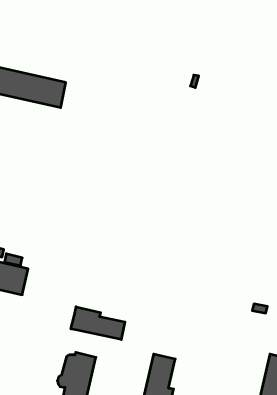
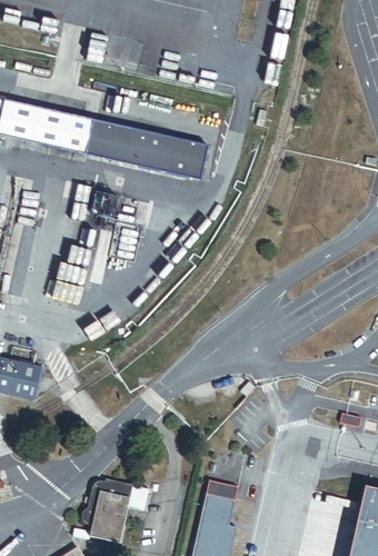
building: none -> [86,119,209,179]
building: [71,307,125,340] -> none

